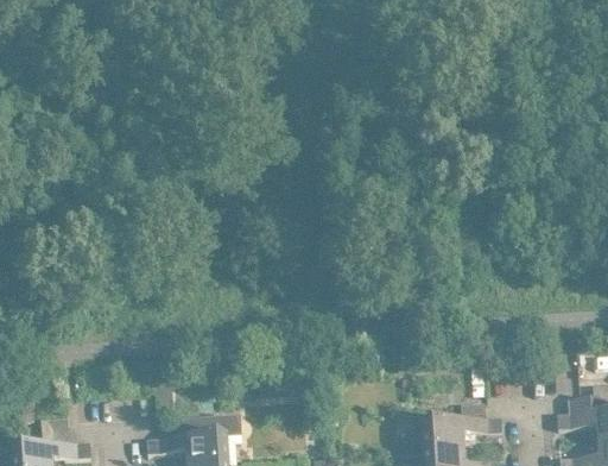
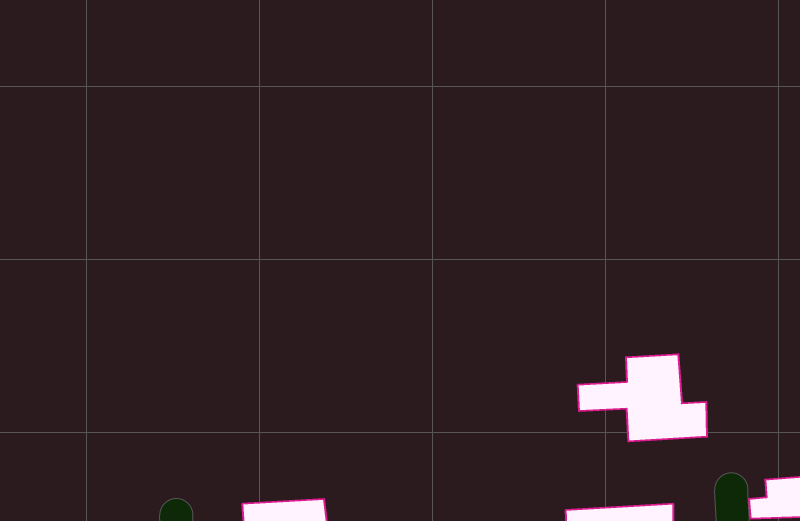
building: none -> [578,354,707,442]

